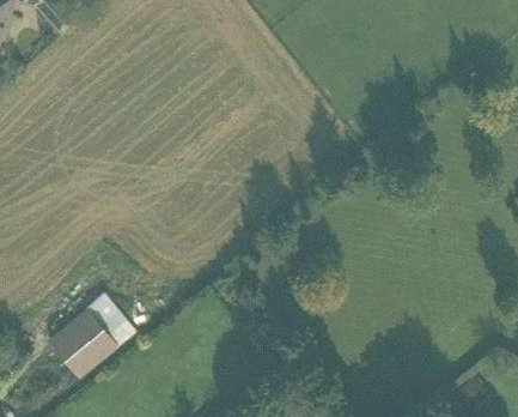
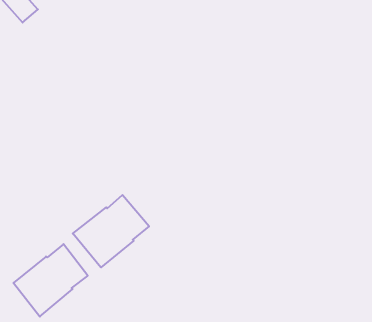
building: none -> [73,195,149,267]

